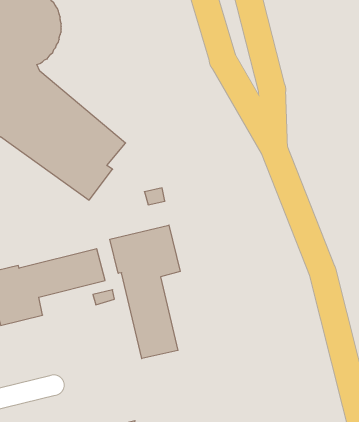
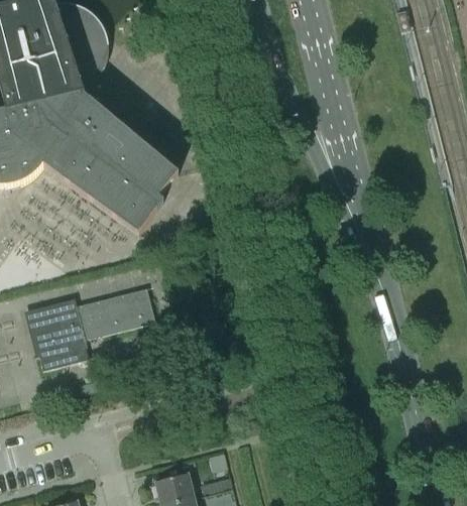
building: [110,225,180,359] -> none

